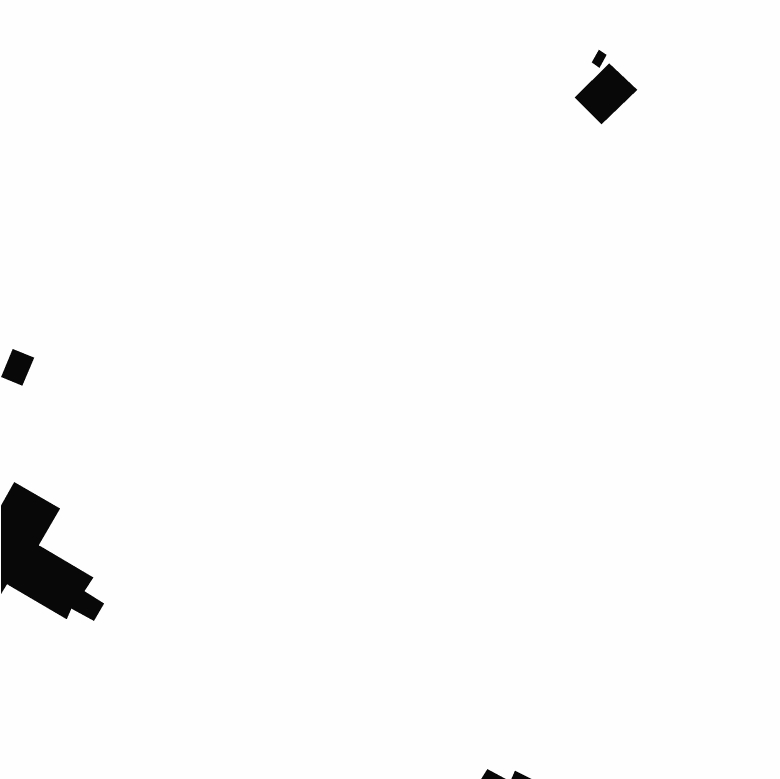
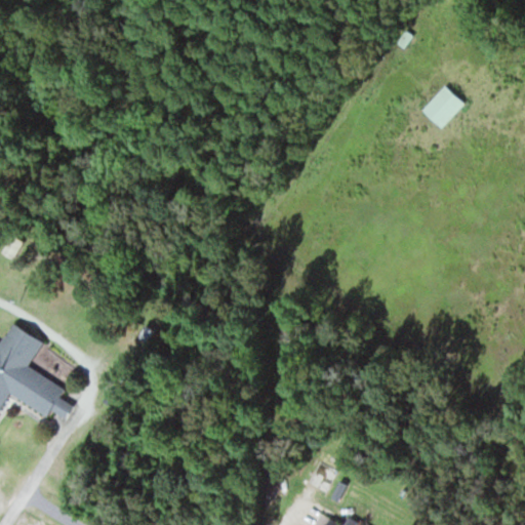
building: [574,62,638,125] -> [420,86,463,128]

